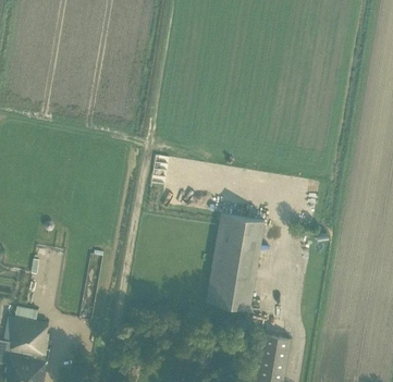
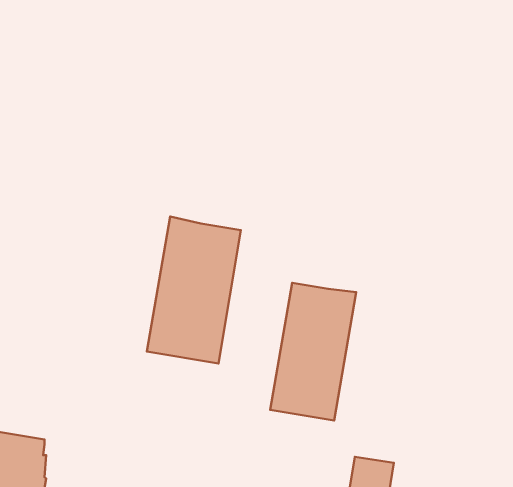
building: none -> [147,216,241,364]

